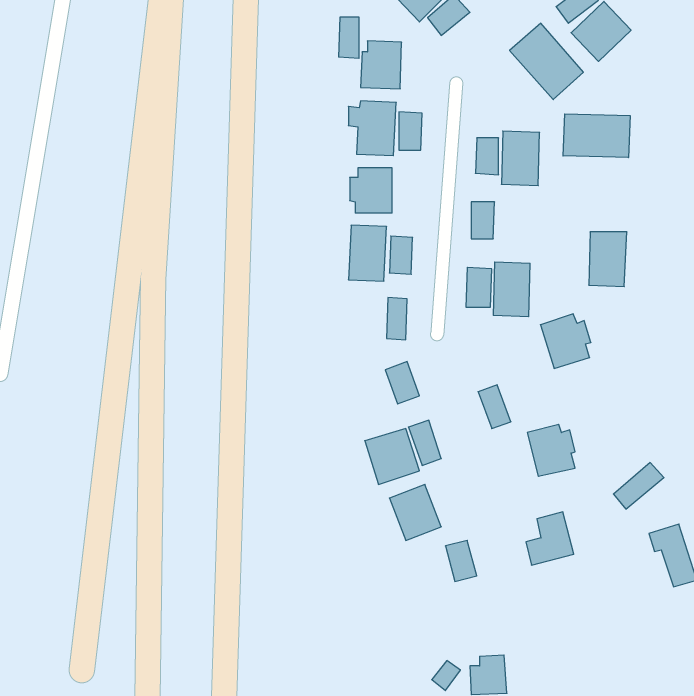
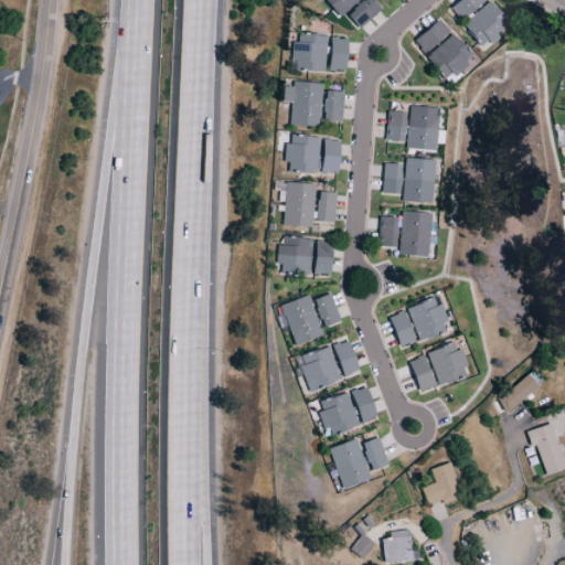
building: [339,17,359,58] -> [331,38,348,71]
building: [563,114,630,158] -> none
building: none -> [323,140,340,172]
building: [589,232,627,287] -> [405,159,436,203]
building: none -> [278,237,313,275]
building: [540,314,591,368] -> [408,298,449,342]
building: none -> [278,295,324,345]
building: none -> [409,355,436,392]
building: none -> [350,386,379,423]
building: [526,512,574,565] -> [423,462,461,505]
building: none -> [329,438,372,489]

